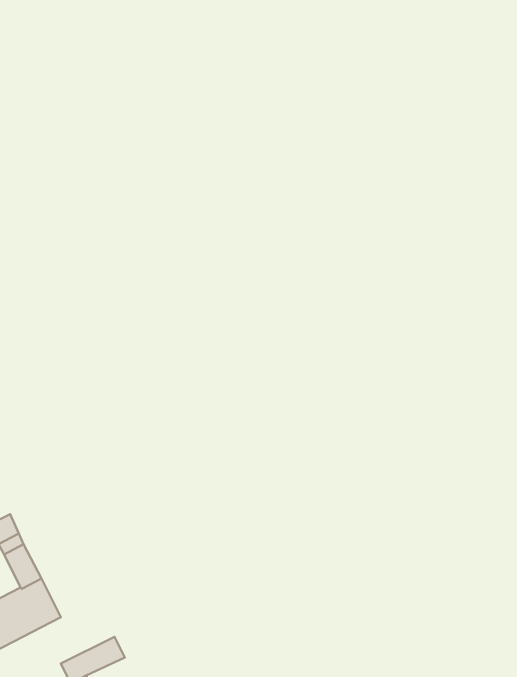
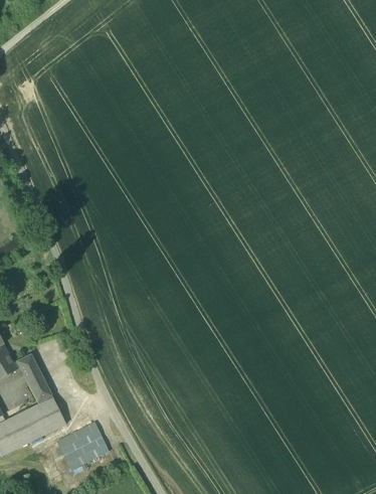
building: none -> [59,422,103,454]

